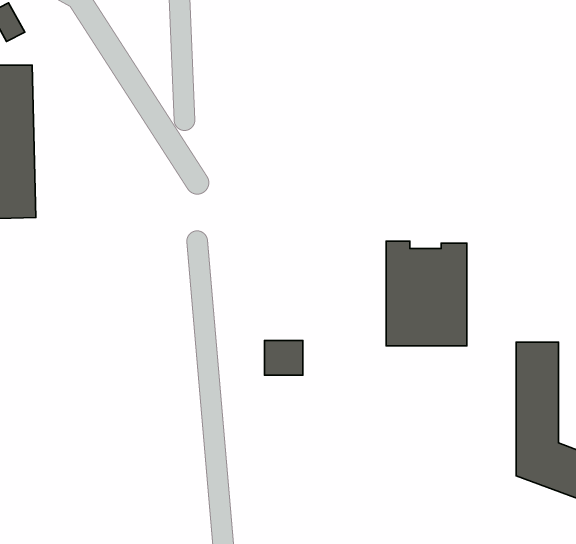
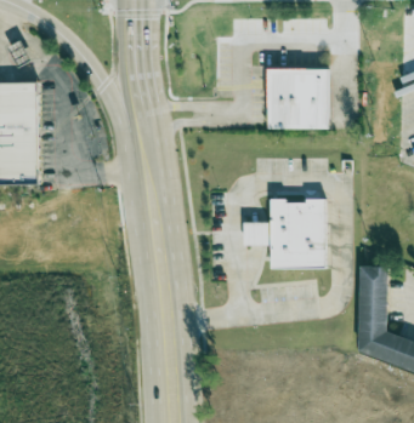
building: none -> [270,67,330,126]
building: [264,340,303,375] -> [246,222,272,245]

